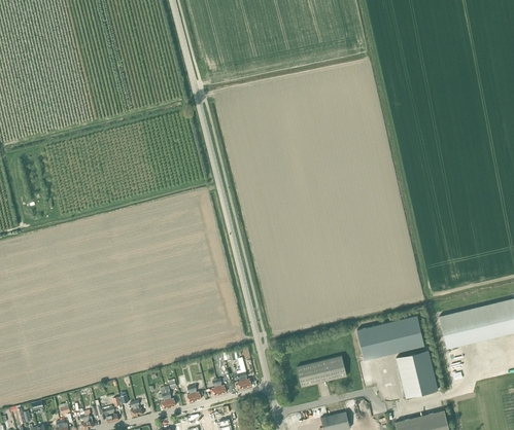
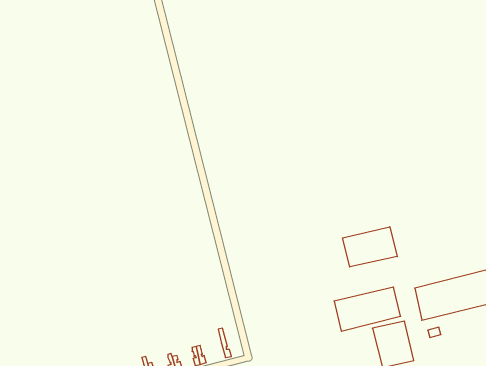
building: none -> [343,227,397,267]
building: [297,356,346,388] -> none

